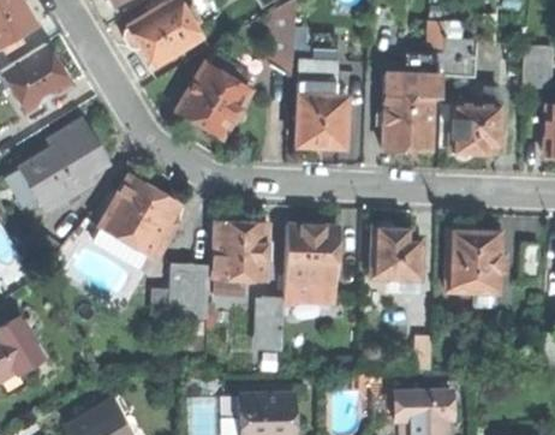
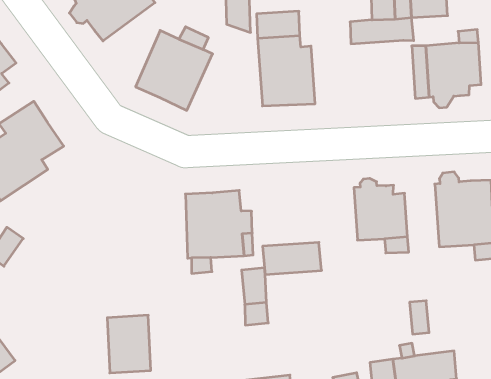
building: [382,93,432,148] -> none
building: [100,174,177,257] -> none
building: [284,225,338,275] -> none
building: [168,262,209,315] -> [107,315,151,373]

